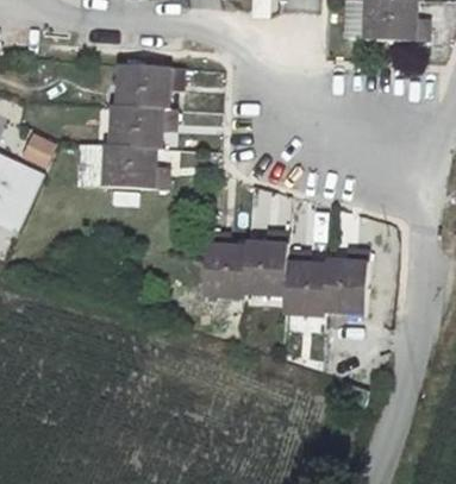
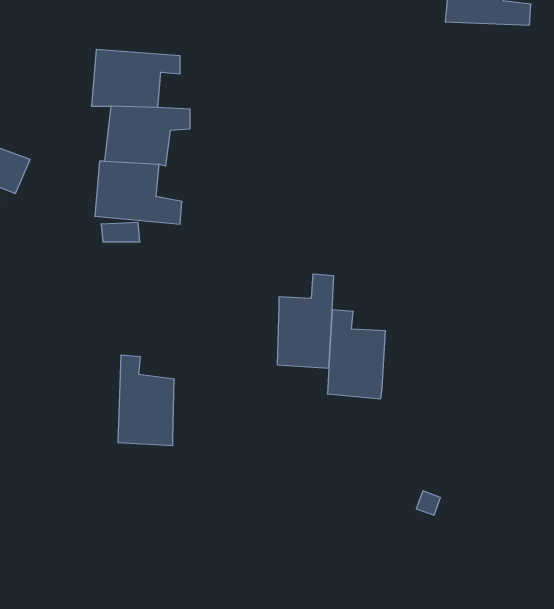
building: [202,232,244,298] -> [118,355,174,446]
building: [320,250,367,313] -> none

